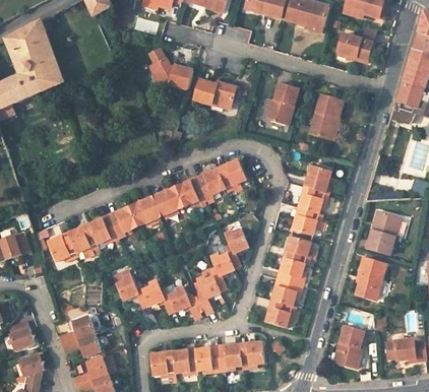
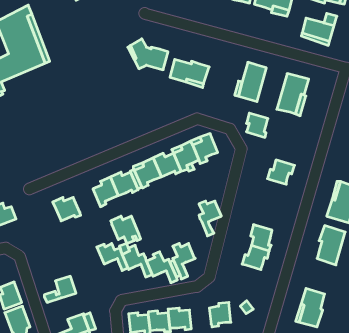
building: [309,167,332,193] -> [246,113,268,137]
building: [293,208,323,237] -> none
building: [88,218,121,248] -> [111,216,141,243]
building: [47,237,77,261] -> none
building: [288,238,311,264] -> none
building: [211,254,236,292] -> none
building: [265,301,296,329] -> none
building: [61,331,99,354] -> none
building: [216,343,239,370] -> none

